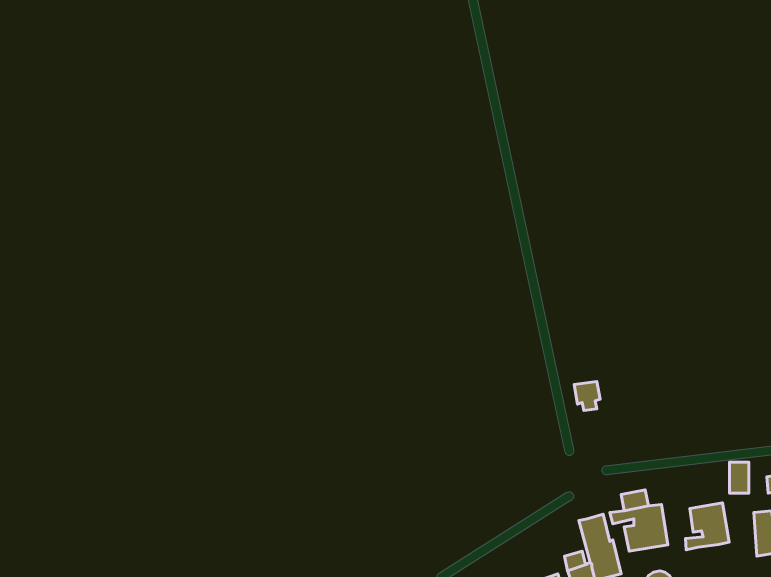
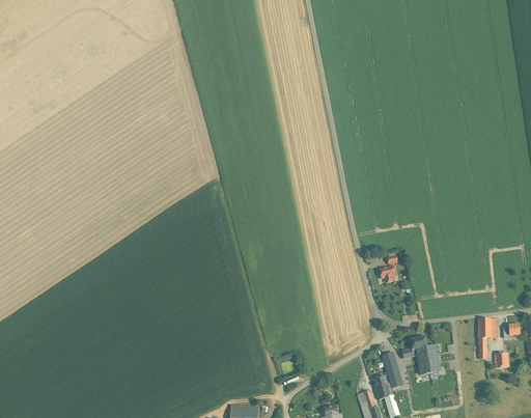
building: [685,503,729,550] -> none

